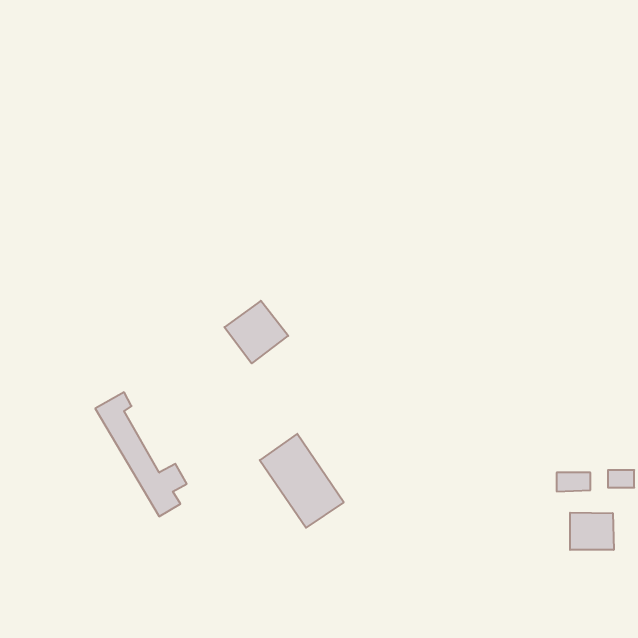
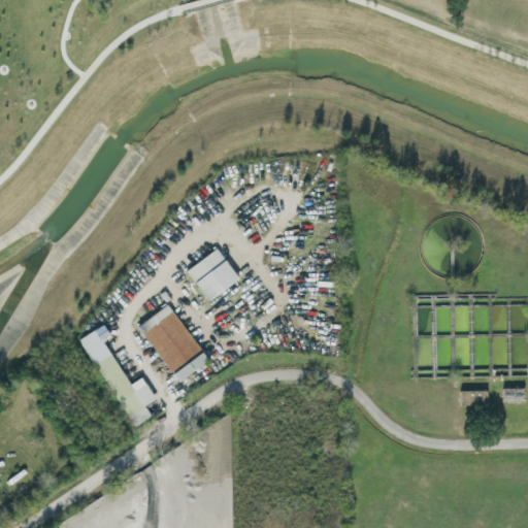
building: [260,434,344,528] -> [138,304,207,382]
building: [570,513,614,550] -> none

